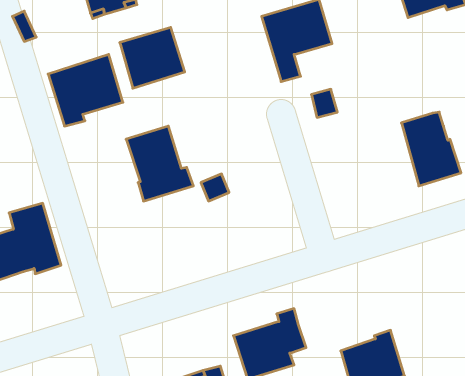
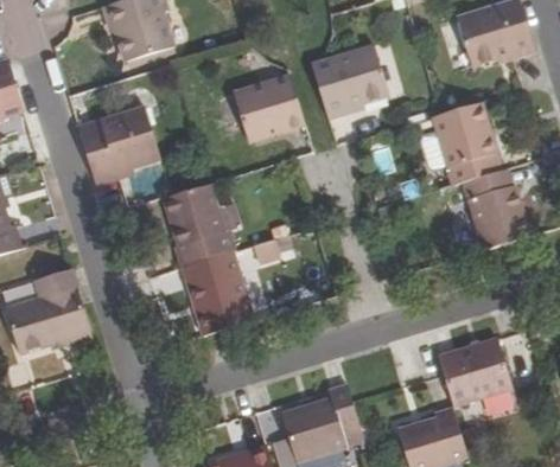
building: [120,27,185,88] -> [233,75,304,141]
building: none -> [432,101,498,184]
building: none -> [182,250,253,334]
building: none -> [437,338,511,404]

